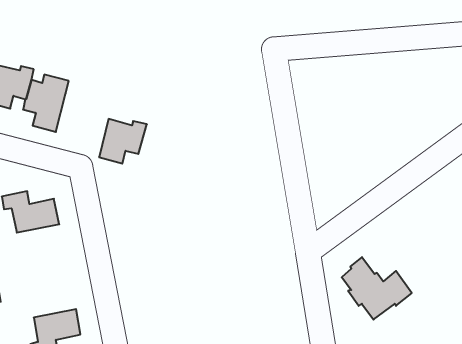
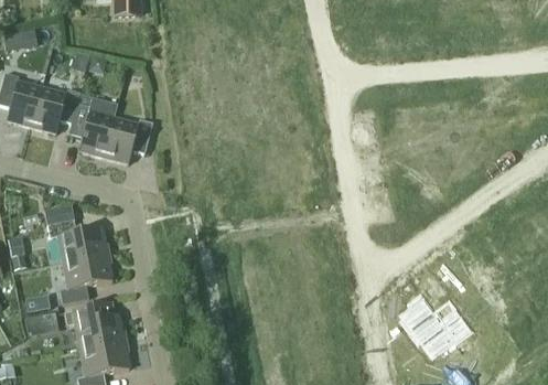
building: [99,119,147,164] -> [103,117,152,163]
building: none -> [60,253,111,303]
building: none -> [63,302,123,350]

